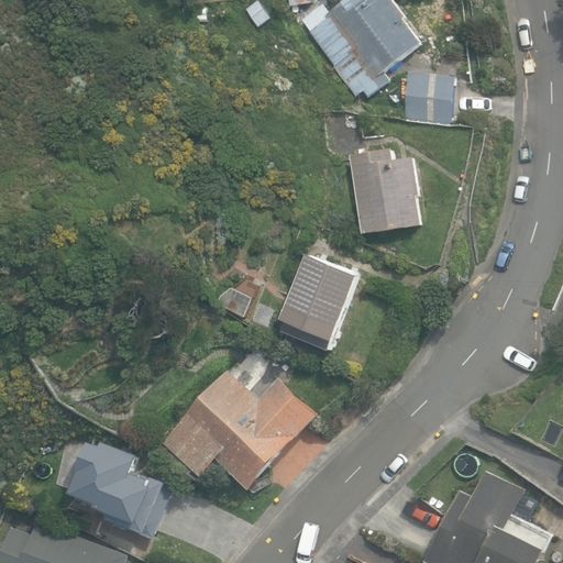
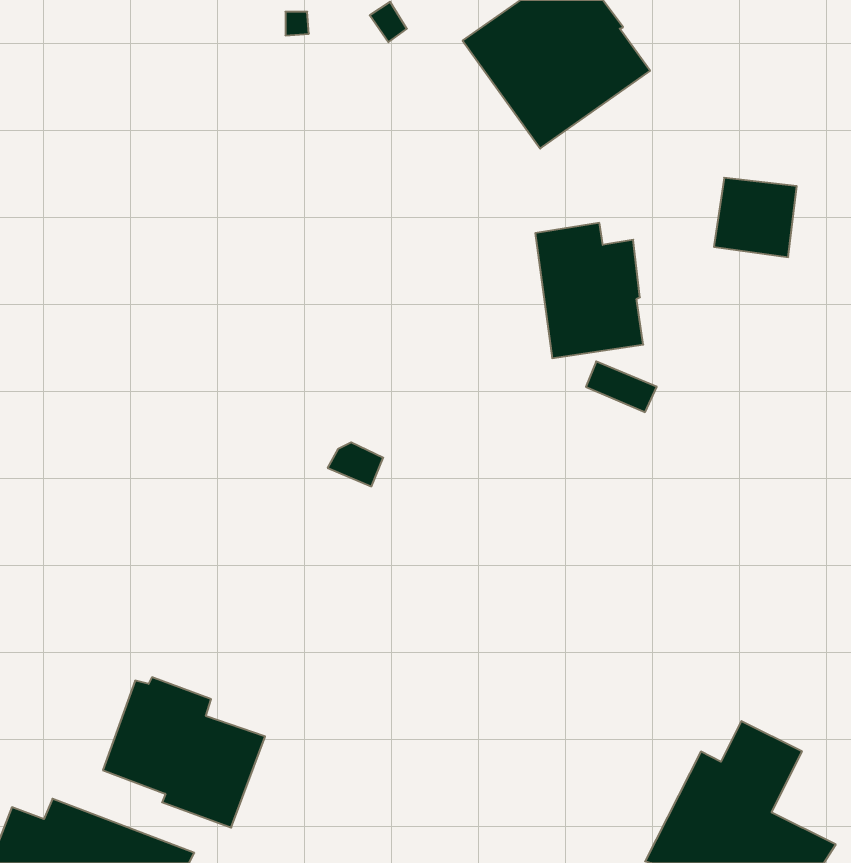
building: [398,71,452,123] -> [714,178,797,257]
building: [279,254,362,346] -> none
building: [158,369,317,489] -> none

